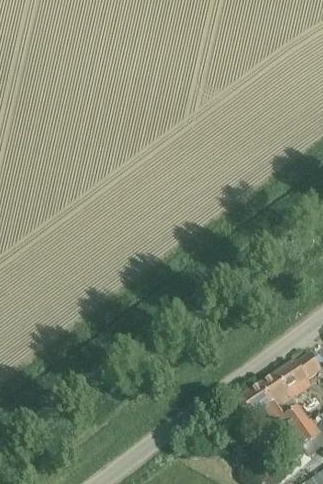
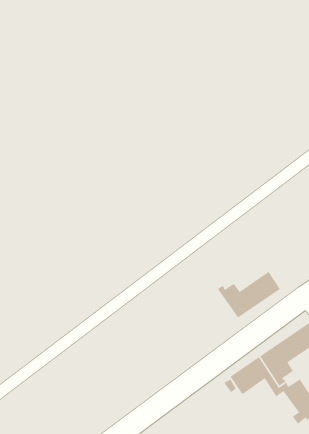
building: none -> [217,271,281,319]

